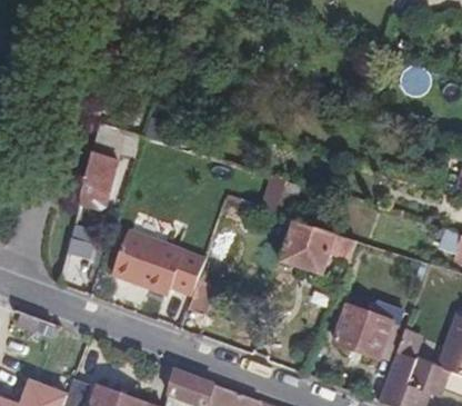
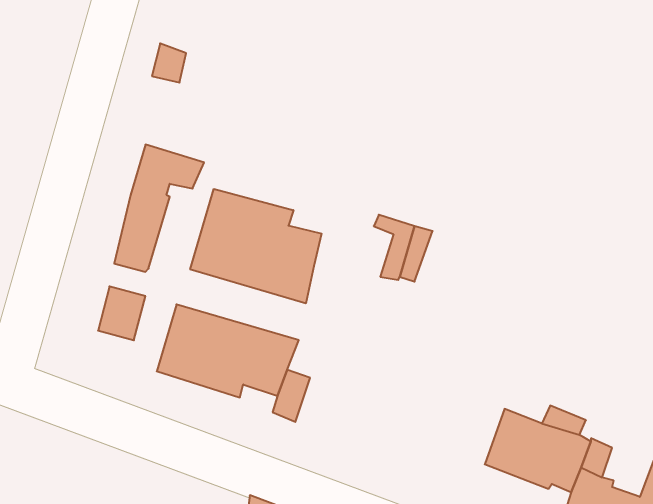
building: none -> [190,189,322,303]
building: [287,222,352,273] -> none

